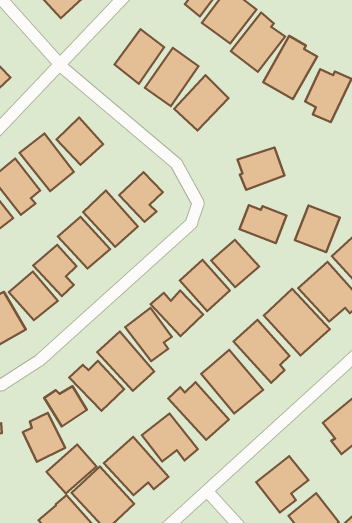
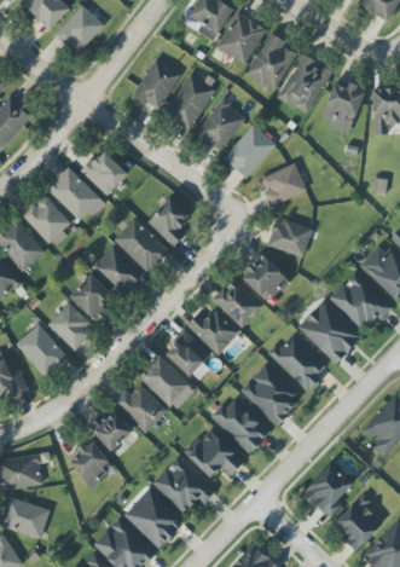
building: none -> [222,125,276,178]
building: [295,206,340,252] -> none
building: [46,445,97,494] -> none

